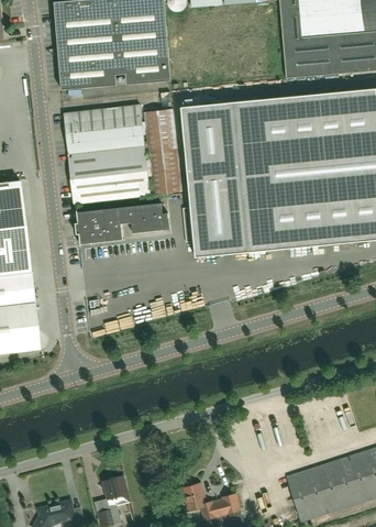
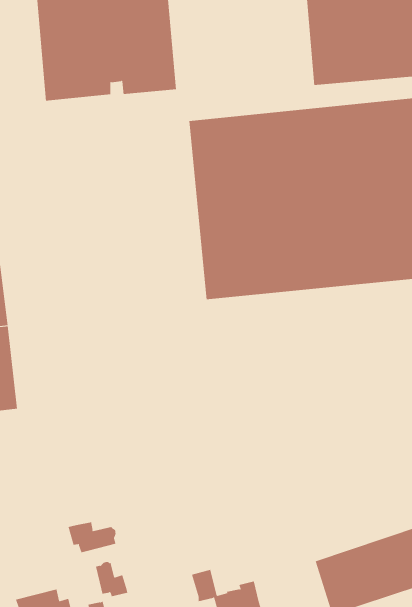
building: [64,105,183,205] -> none
building: [76,202,169,244] -> none
building: none -> [68,521,116,553]

